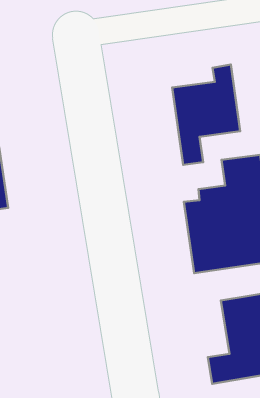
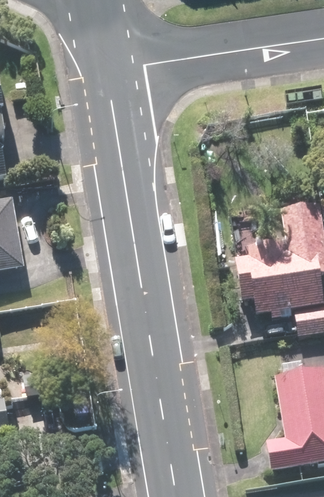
building: [172,65,240,165] -> none

